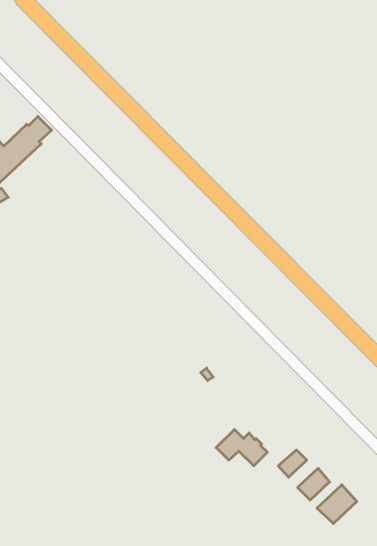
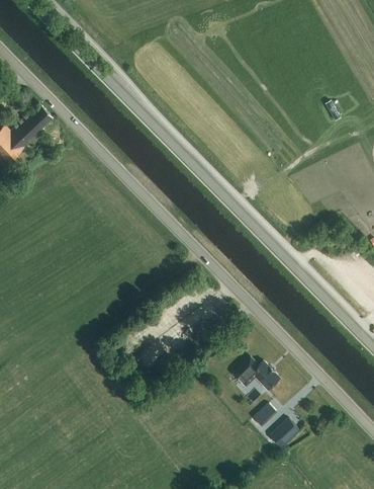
building: [216,429,267,466] -> [235,358,280,391]
building: [317,485,357,524] -> none

